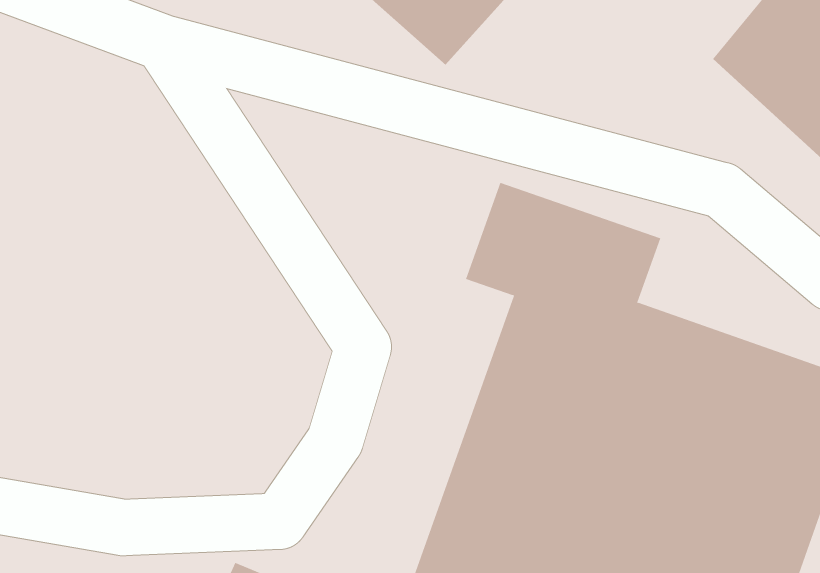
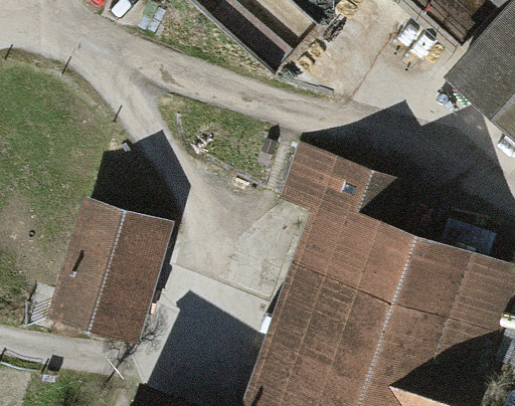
building: none -> [53,188,174,336]

